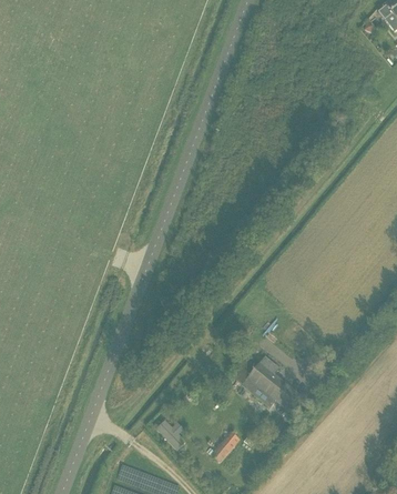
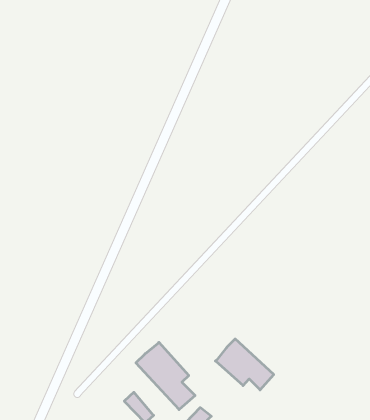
building: none -> [136,342,195,410]

